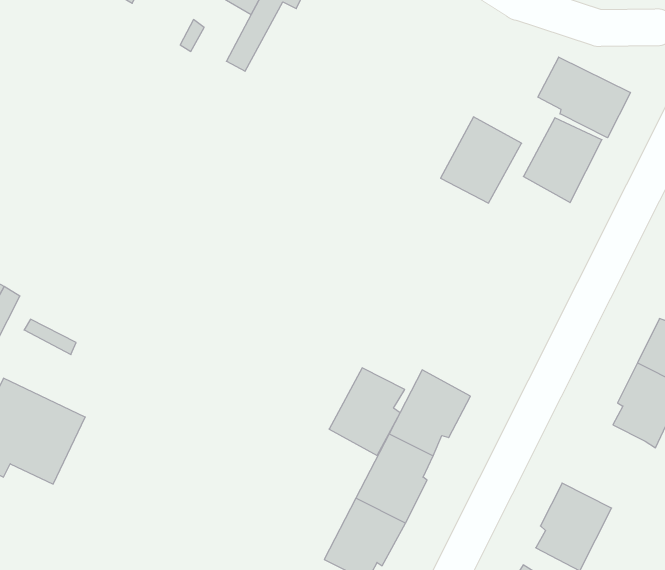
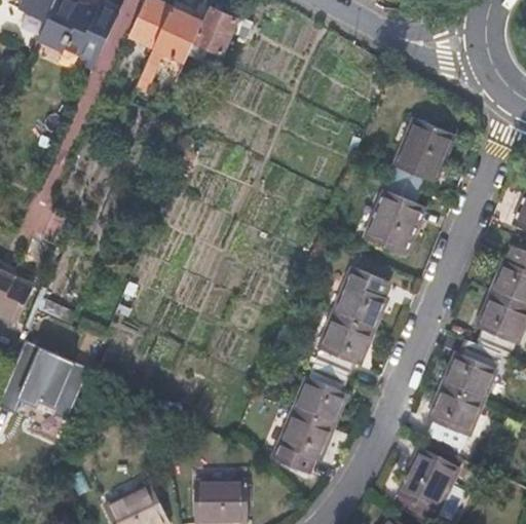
building: [538,57,630,138] -> none
building: [441,117,522,203] -> [366,188,423,251]
building: [329,368,405,455] -> [334,265,387,329]
building: none -> [444,339,502,403]

